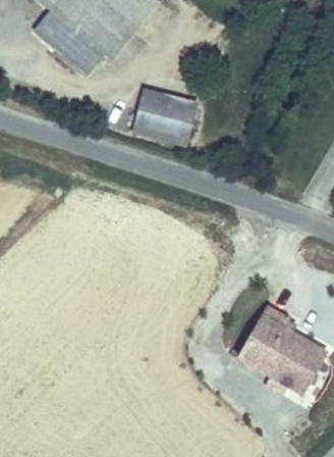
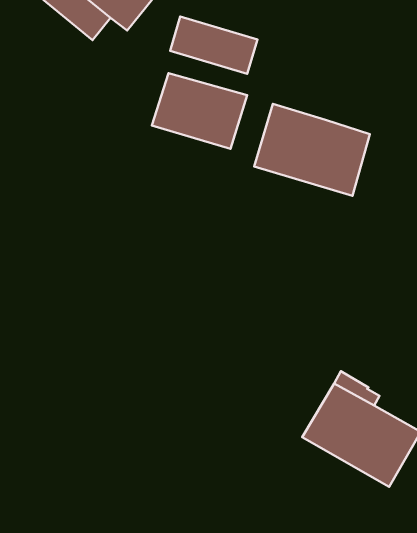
building: none -> [170,17,257,74]
building: none -> [254,104,370,196]

